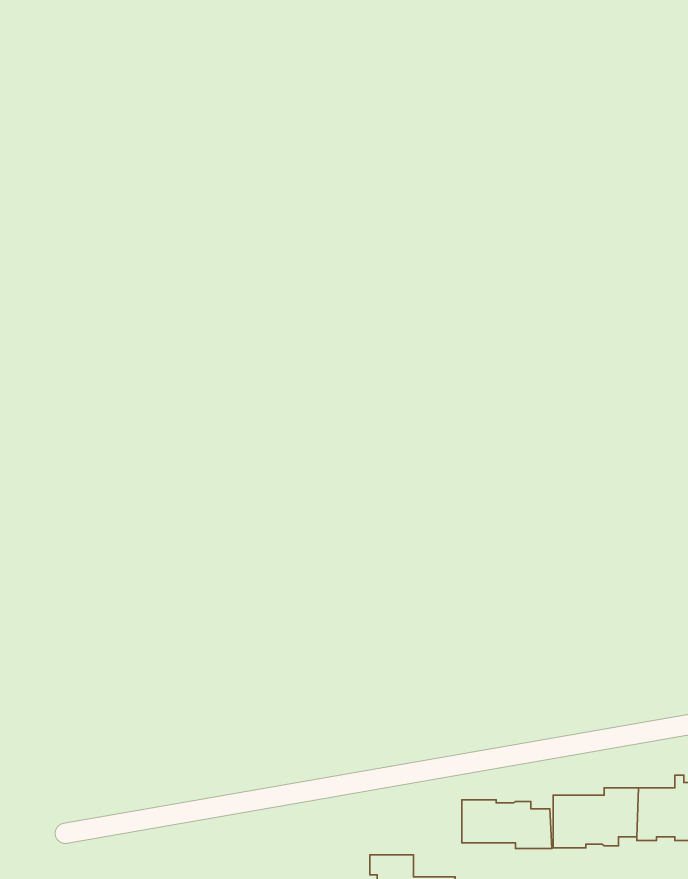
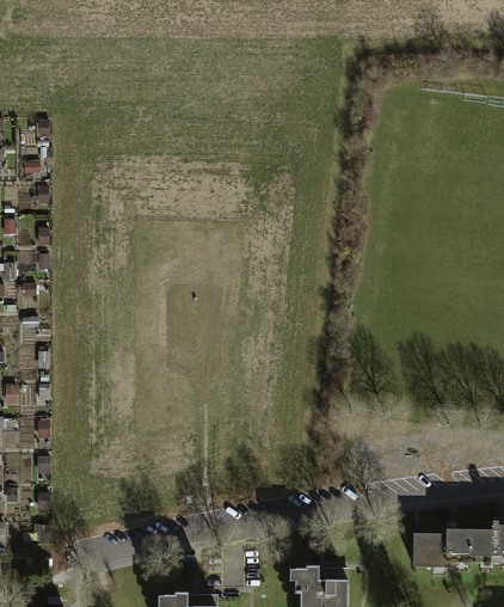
building: [462,800,552,849] -> none

